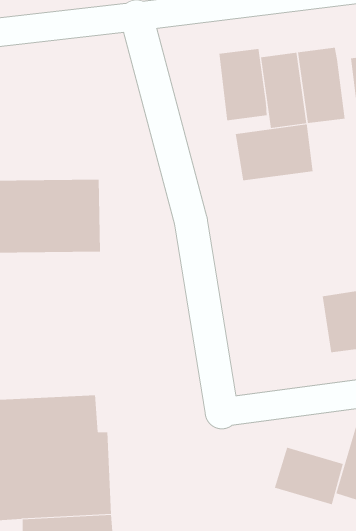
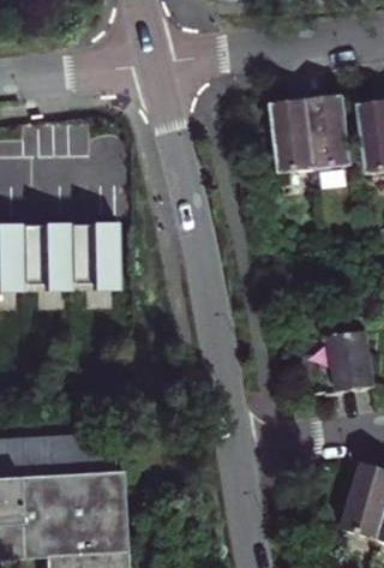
building: [219,48,267,121] -> none
building: [235,124,313,181] -> none
building: [274,447,344,505] -> none

